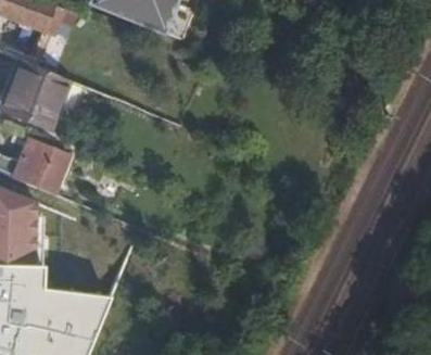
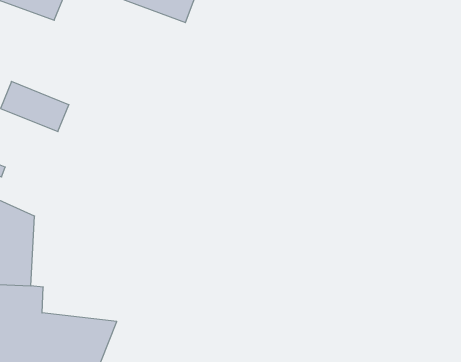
building: [12,62,73,105] -> none
building: [18,139,56,187] -> none

